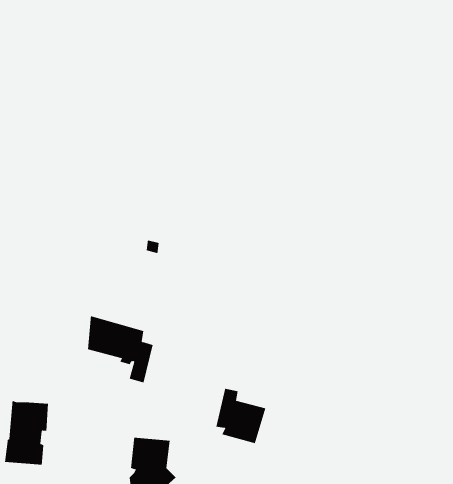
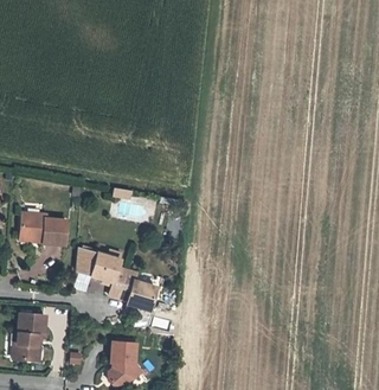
building: none -> [19,212,68,245]
building: [215,388,266,444] -> [120,269,159,312]

